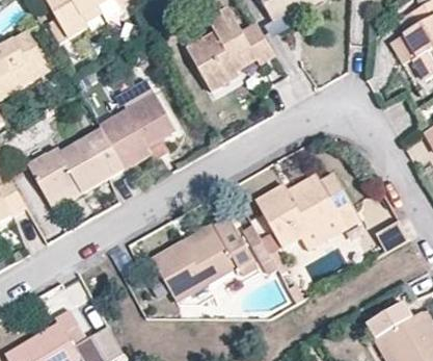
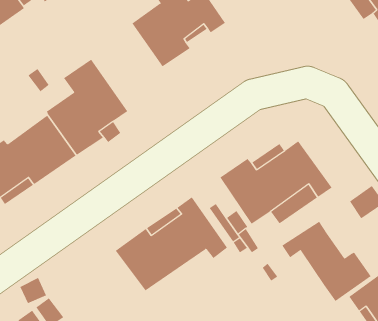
building: none -> [281,221,371,302]

